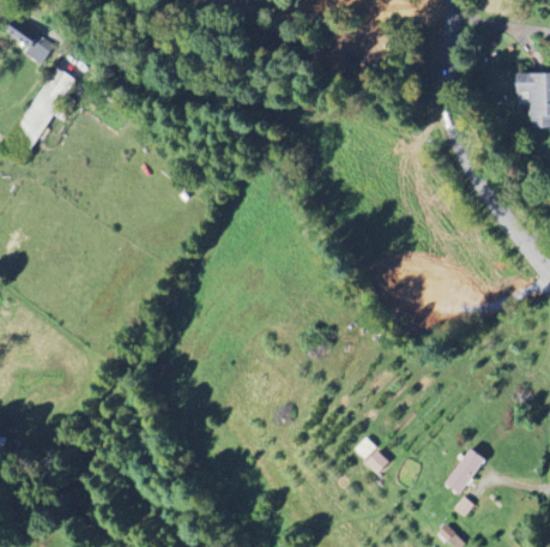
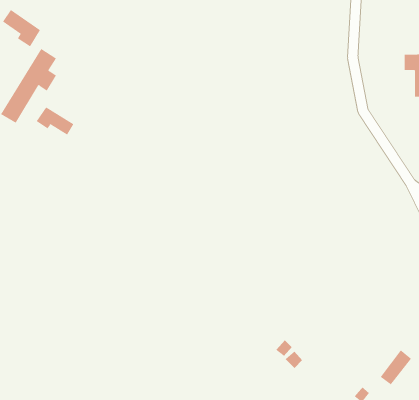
building: none -> [36,107,74,135]
building: [445,447,485,493] -> [380,349,412,385]

